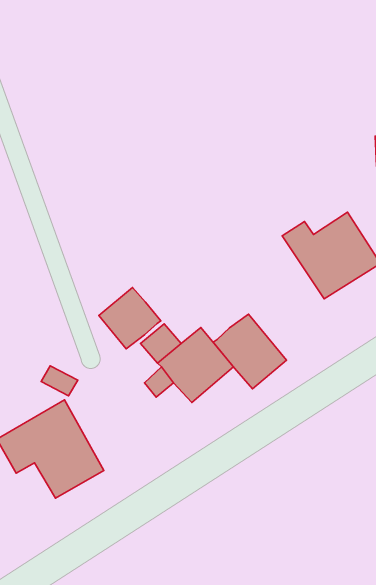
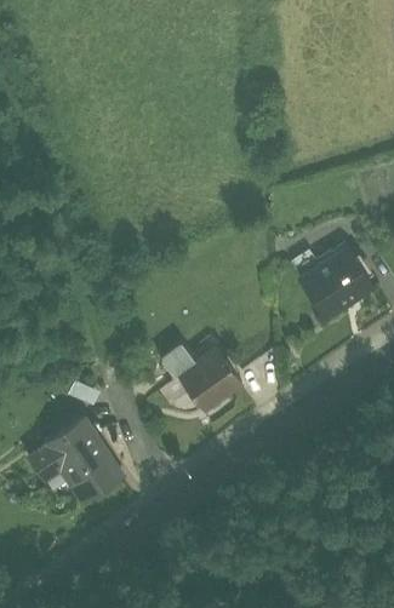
building: [99,287,161,349] -> none
building: [213,314,287,389] -> none

